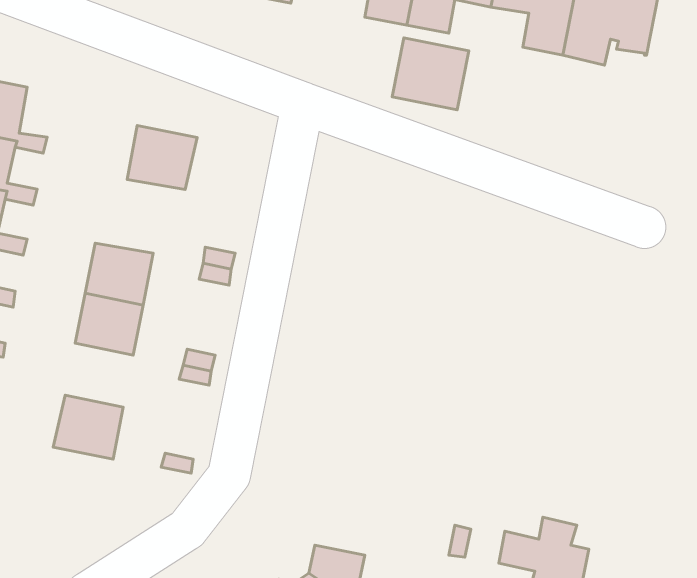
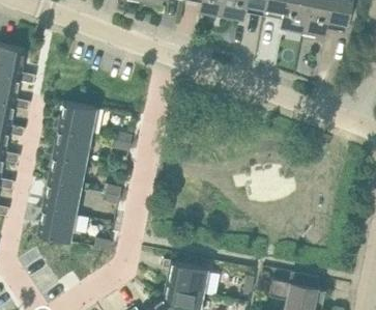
building: [392,38,469,110] -> none
building: [127,125,197,189] -> [60,102,96,135]
building: none -> [45,181,80,215]
building: none -> [163,259,205,291]

